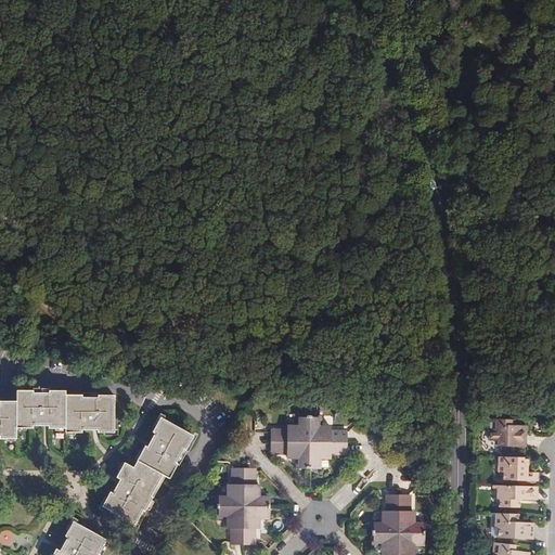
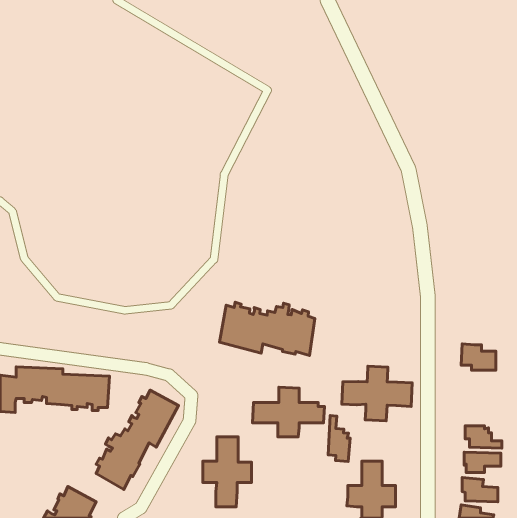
building: none -> [220,302,315,356]
building: none -> [342,366,412,421]
building: [489,417,526,446] -> [461,344,496,370]
building: none -> [328,416,350,462]

